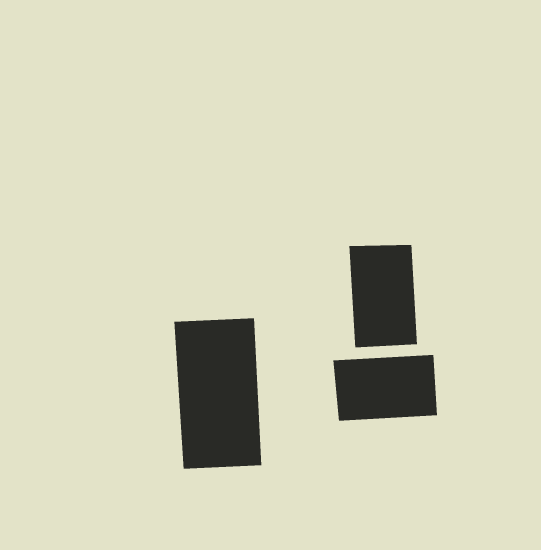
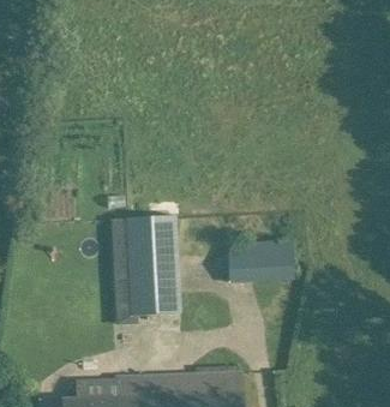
building: [349,244,417,348] -> none

